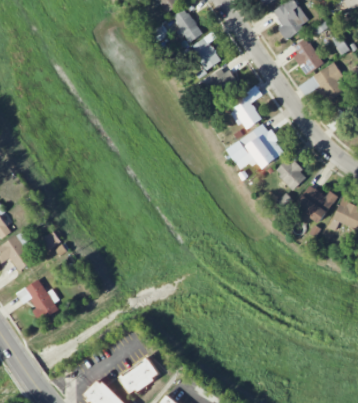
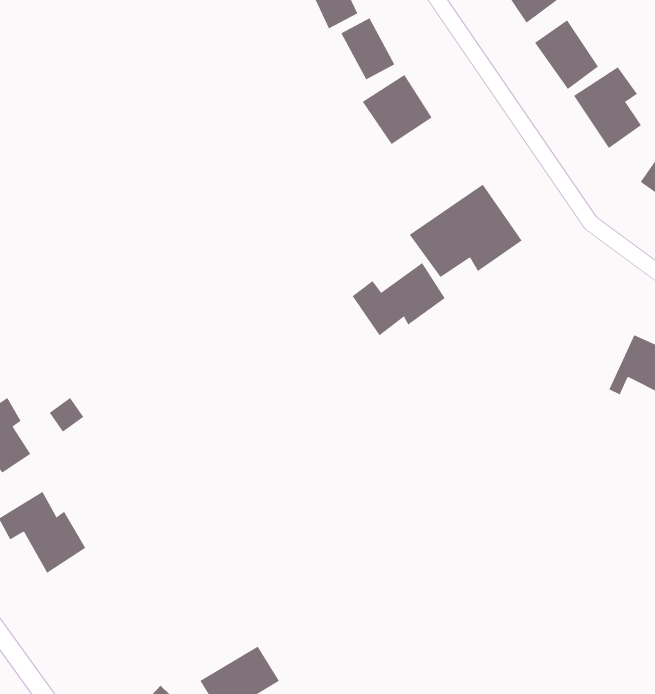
building: [229,98,261,131] -> none
building: [275,158,307,190] -> none
building: none -> [352,262,446,336]
building: [294,185,336,223] -> none

